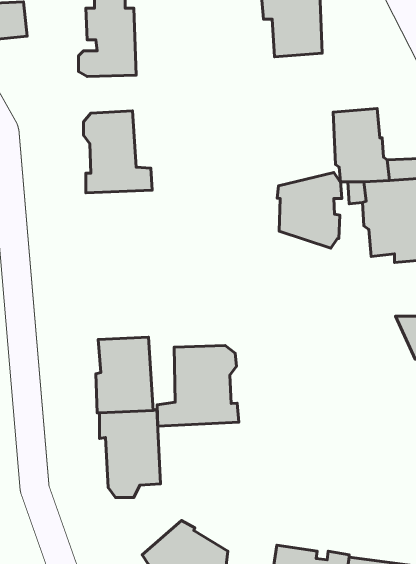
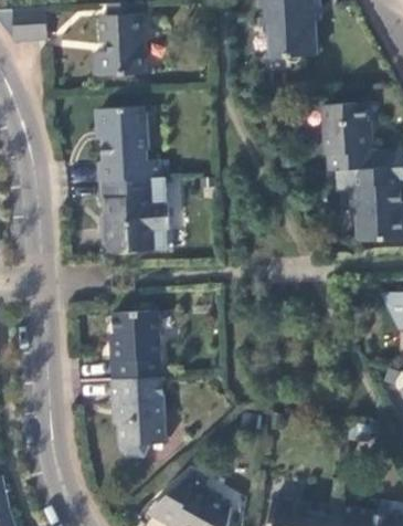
building: [277,172,342,248] -> none
building: none -> [99,178,167,253]
building: [157,346,239,426] -> none

